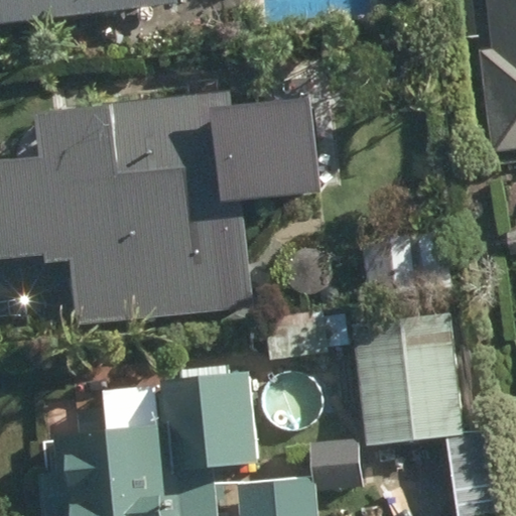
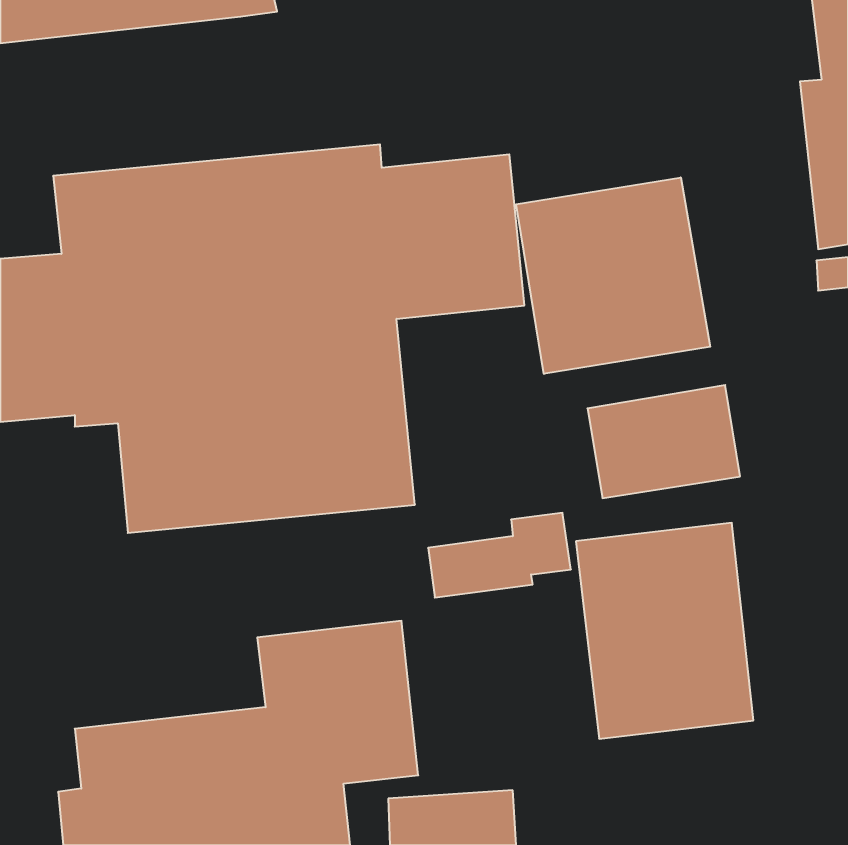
building: none -> [516,177,710,374]

